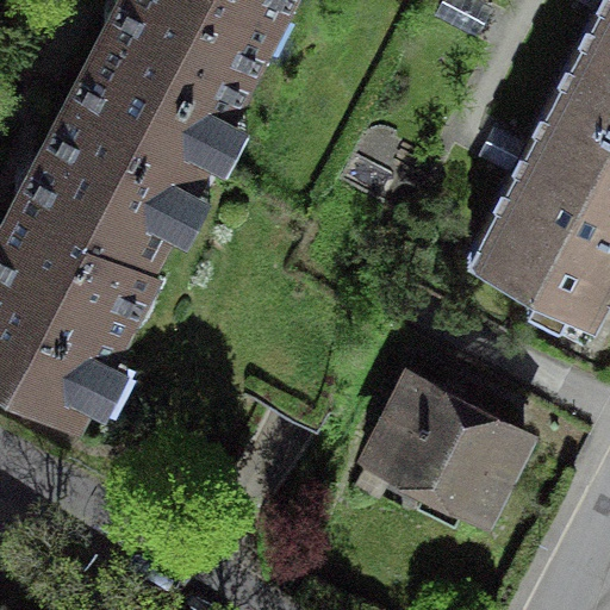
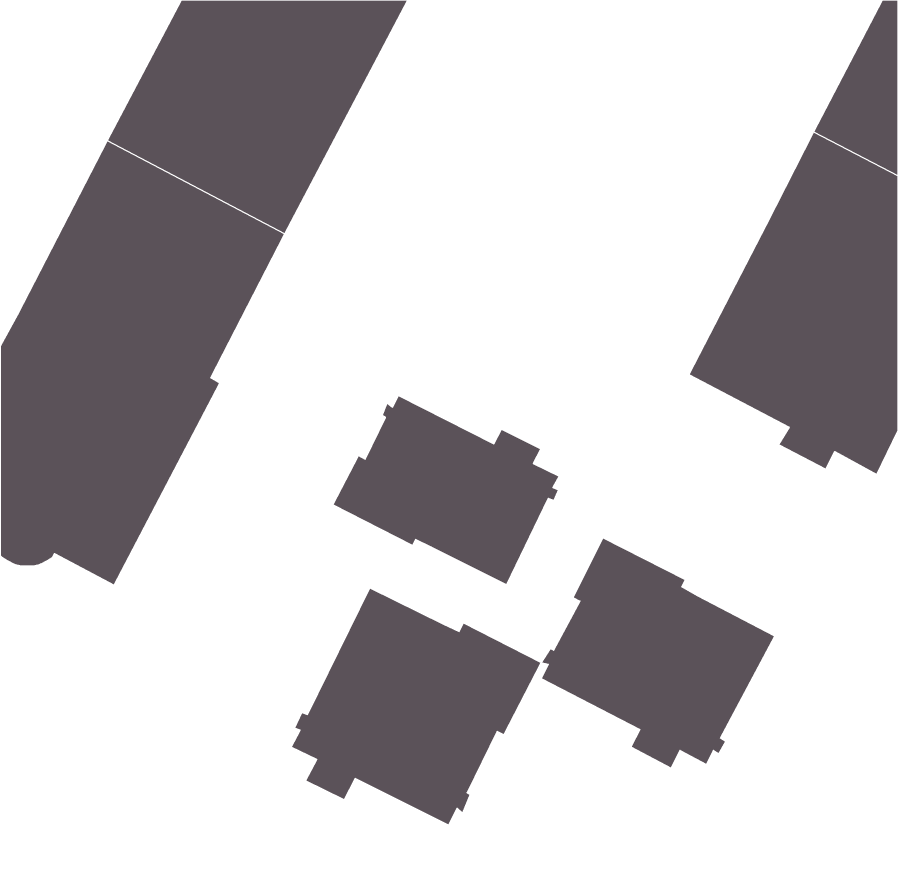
building: none -> [333,396,559,585]
building: none -> [291,588,541,825]

